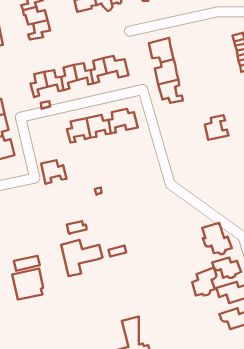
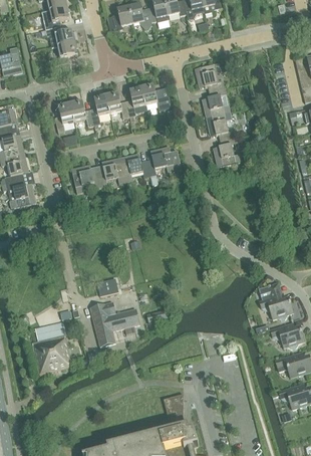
building: [205,115,228,140] -> [213,136,241,165]
building: [41,160,67,184] -> [71,164,101,192]
building: [192,268,216,295] -> none

